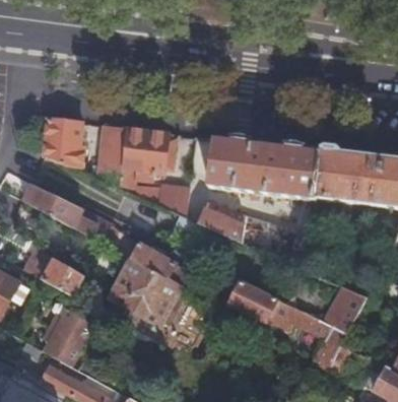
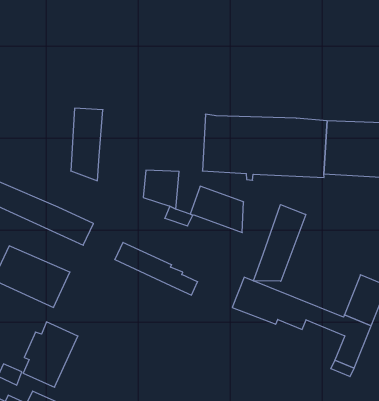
building: [43,117,84,166] -> none
building: [123,127,171,180] -> none
building: none -> [253,205,306,281]
building: [109,257,181,325] -> none

